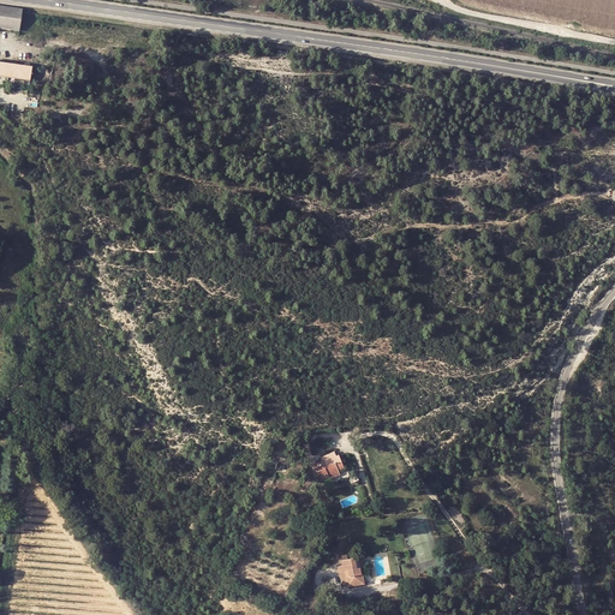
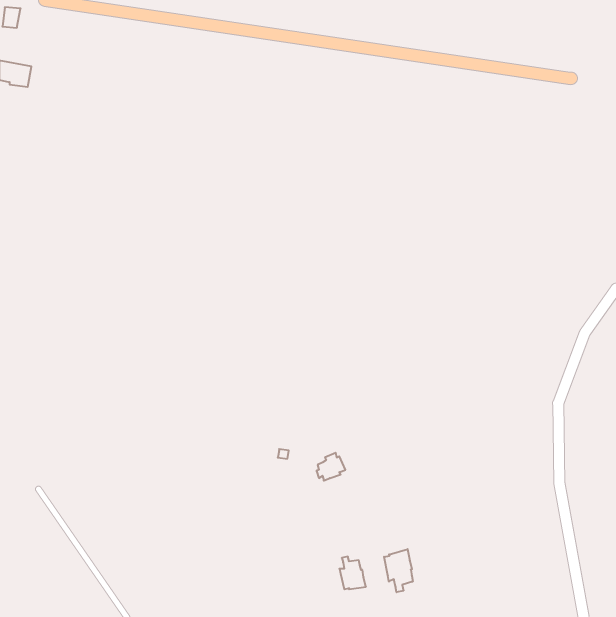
building: none -> [384,549,413,592]

